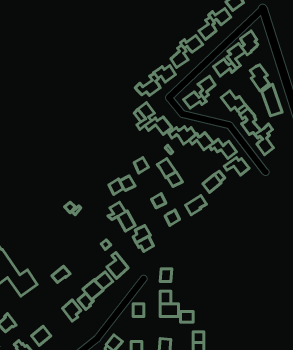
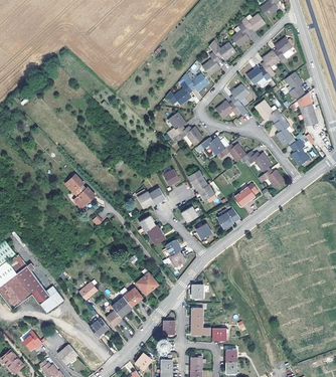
building: none -> [67,174,96,208]

